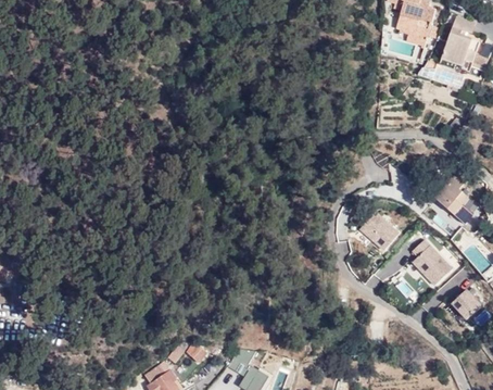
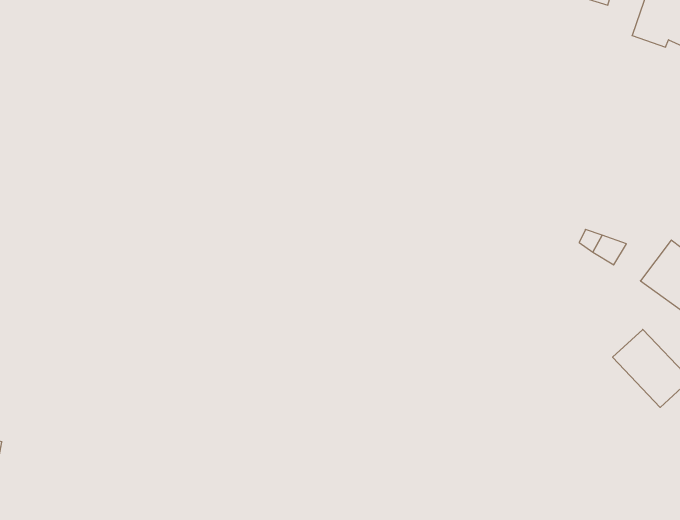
building: [358,211,402,253] -> none

